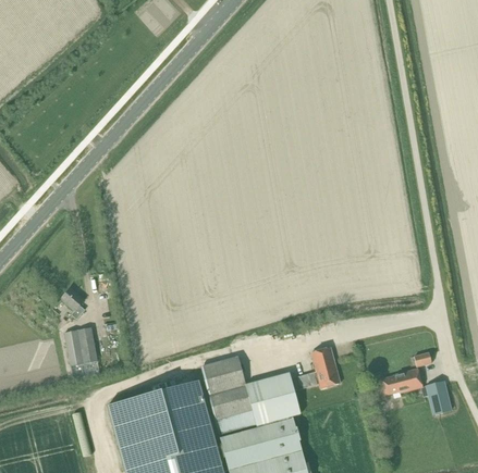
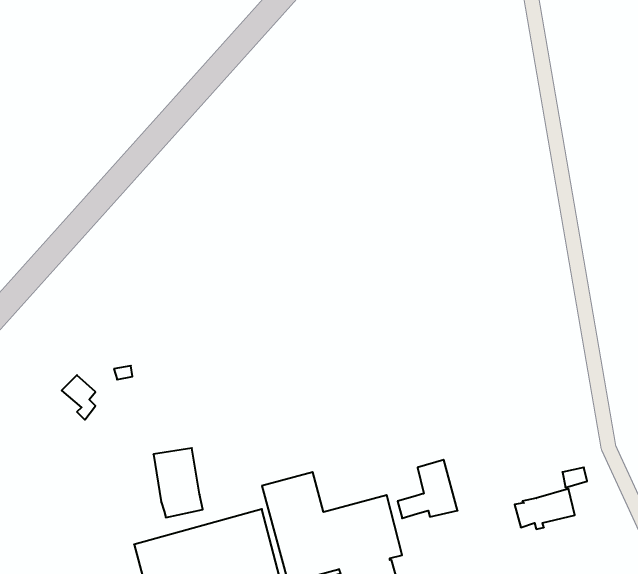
building: [64,327,99,376] -> [153,448,203,517]
building: [425,381,450,414] -> none

